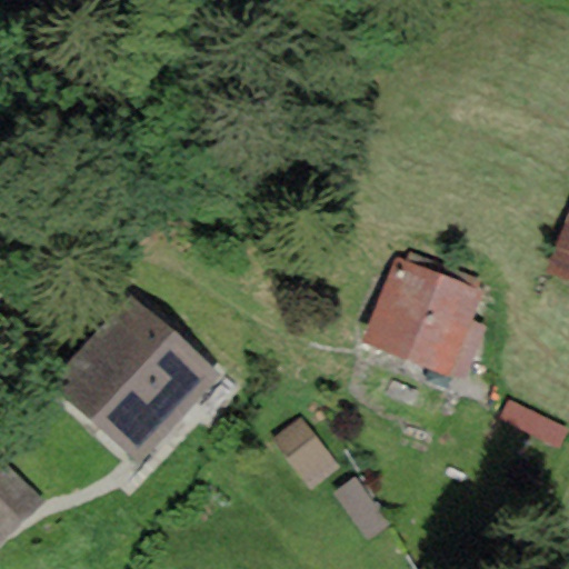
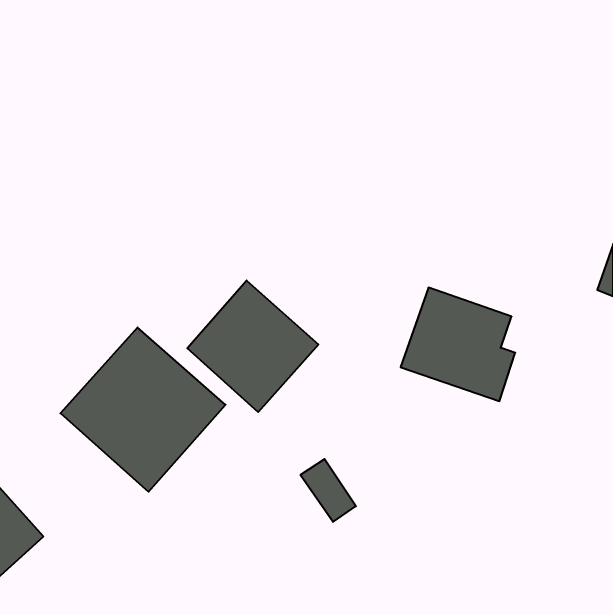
building: none -> [187,280,318,412]

